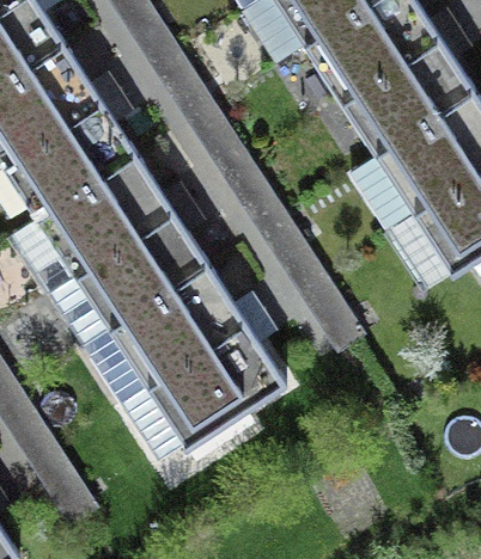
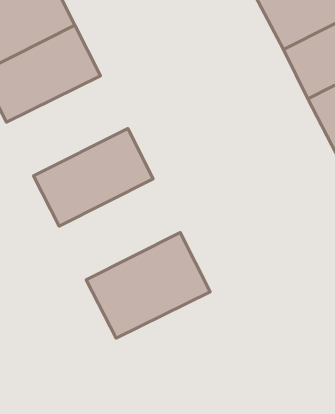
building: [26,150,164,271] -> none
building: [98,260,236,382] -> none

